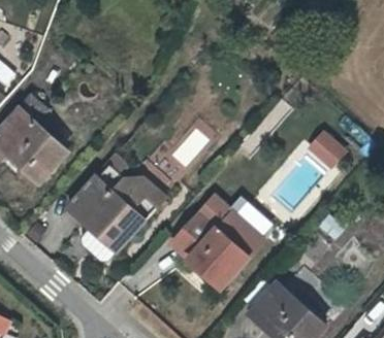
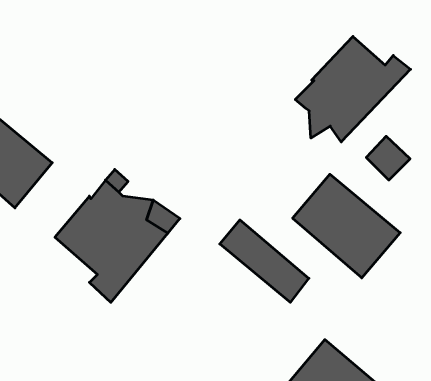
building: none -> [295,36,411,142]
building: [168,212,252,293] -> [293,174,400,278]

